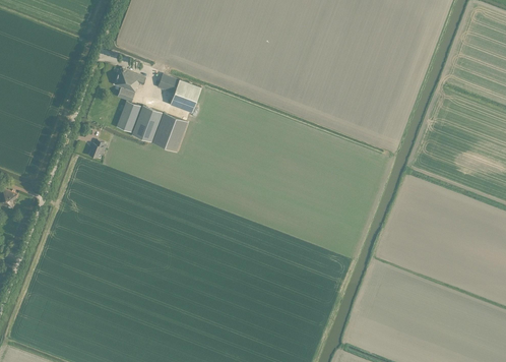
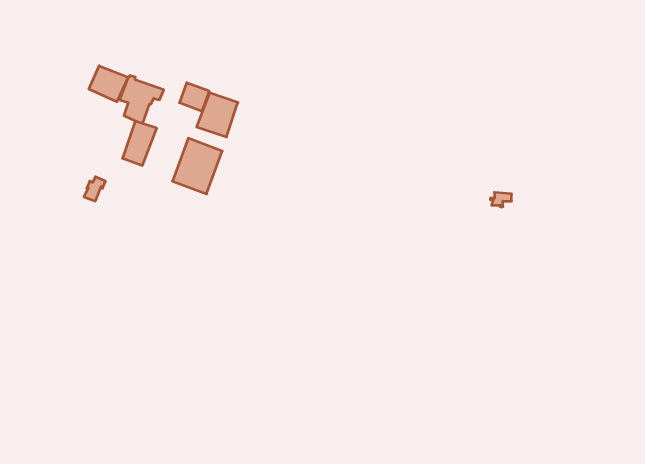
building: none -> [89,66,128,102]
building: [131,106,162,142] -> none

